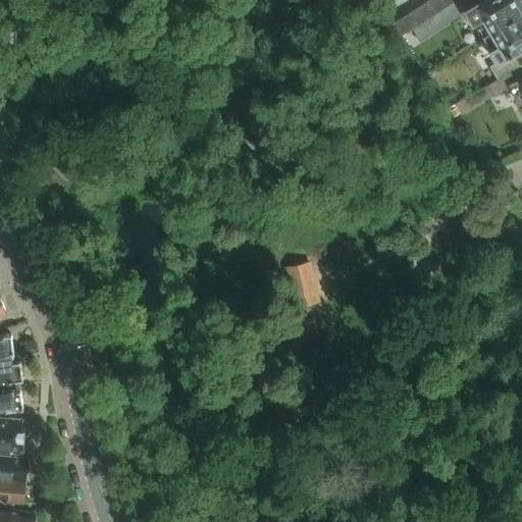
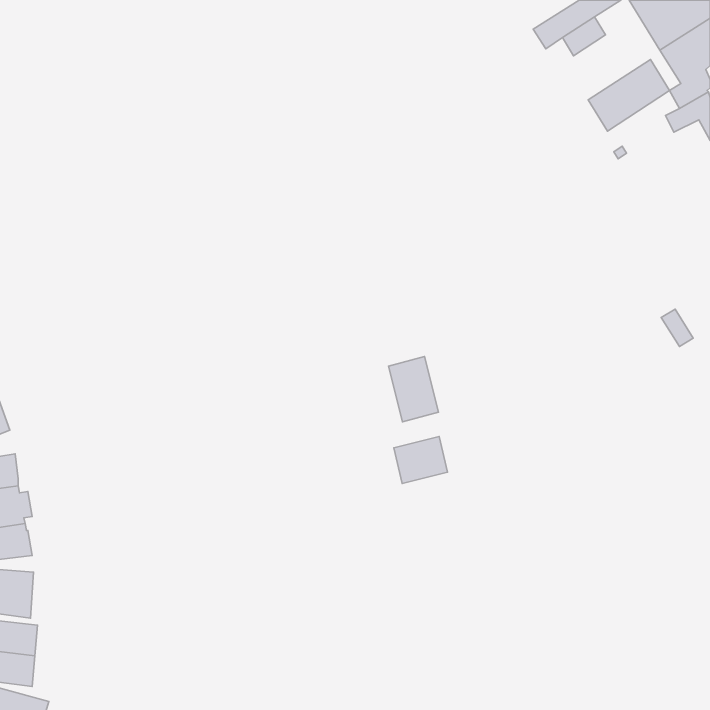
building: none -> [588,59,670,131]
building: none -> [394,436,447,484]

